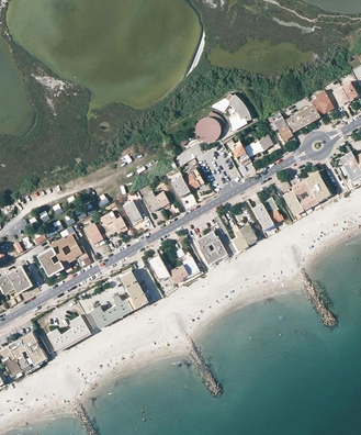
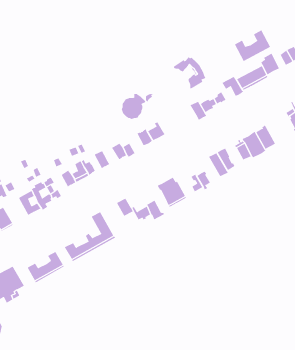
building: none -> [234,30,271,62]
building: [194,114,223,144] -> [121,94,146,120]

